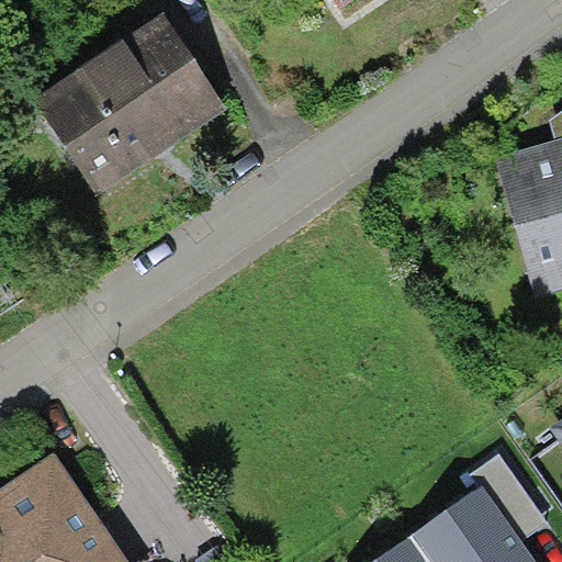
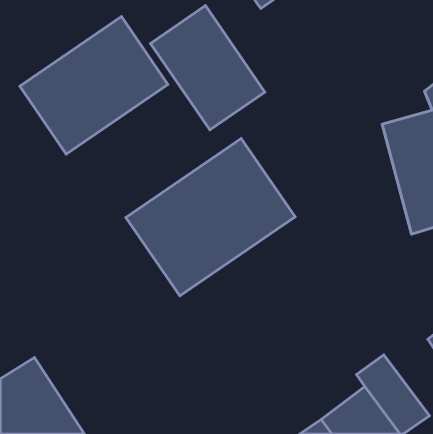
building: none -> [150,6,265,130]
building: none -> [126,138,295,296]

